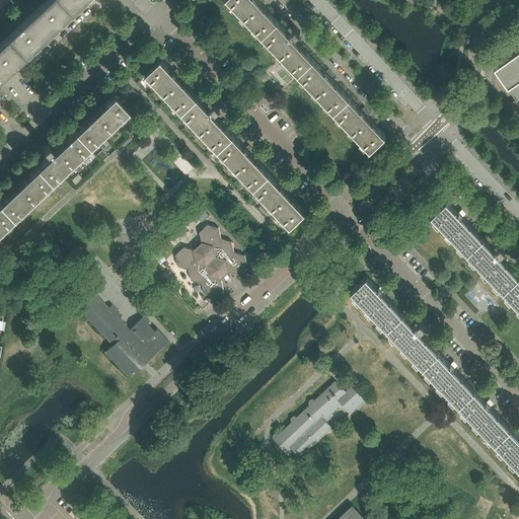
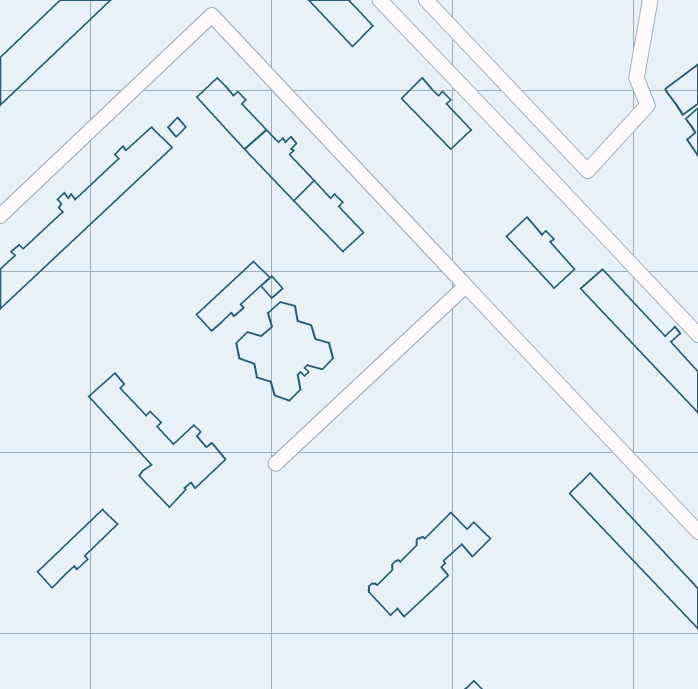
building: [262,26,313,80] -> none
building: [335,103,385,156] -> [506,217,575,288]
building: [254,179,305,232] -> none
building: none -> [197,261,270,331]
building: [351,282,438,373] -> none
building: none -> [37,509,118,588]

